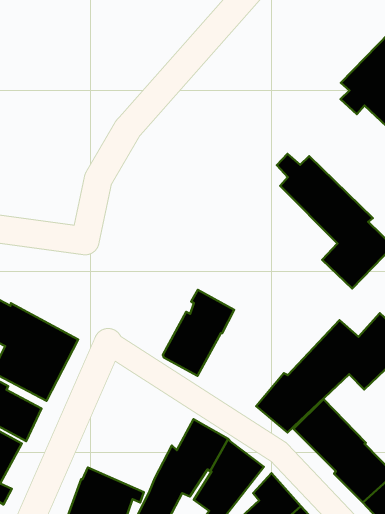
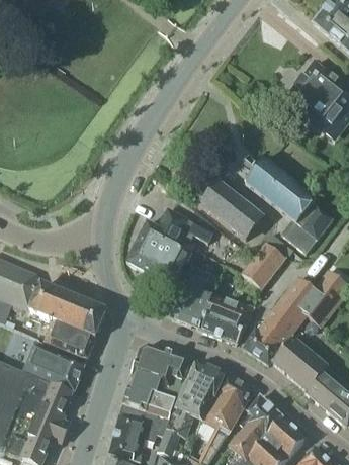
building: none -> [201,183,262,238]
building: none -> [126,208,213,285]
building: none -> [242,242,286,289]
building: none -> [197,295,255,343]
building: none -> [122,344,191,418]

